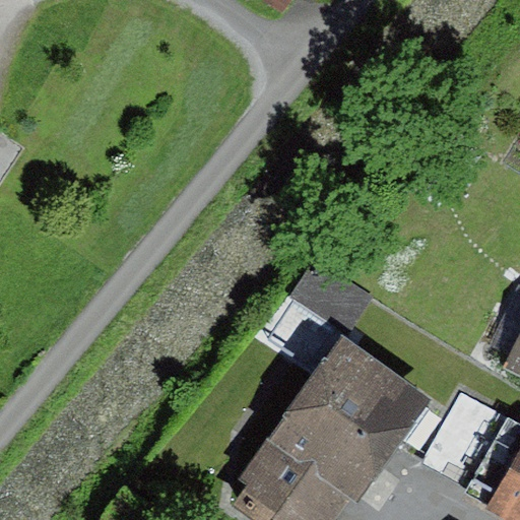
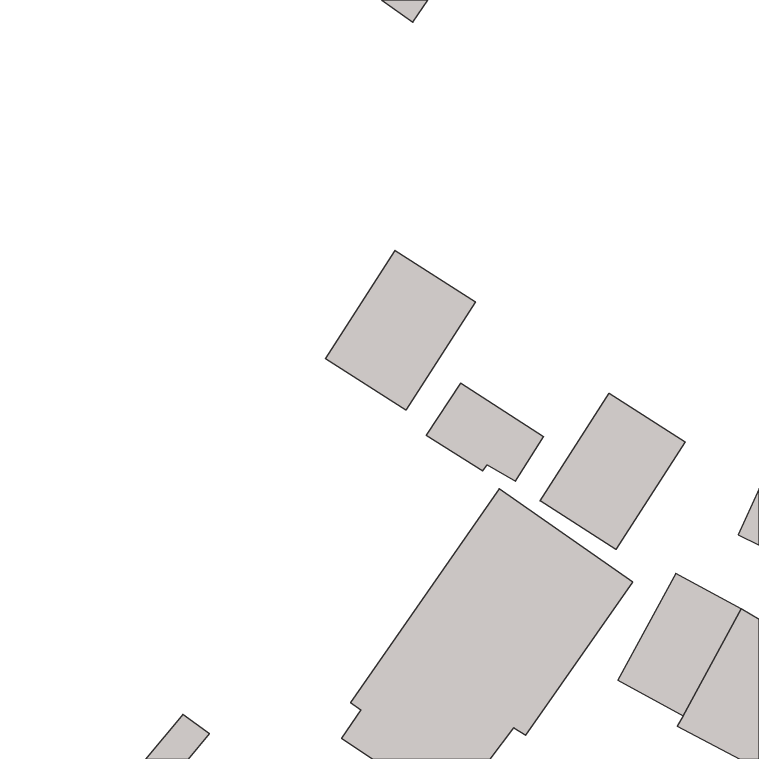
building: none -> [325,250,475,410]
building: none -> [540,393,685,549]

